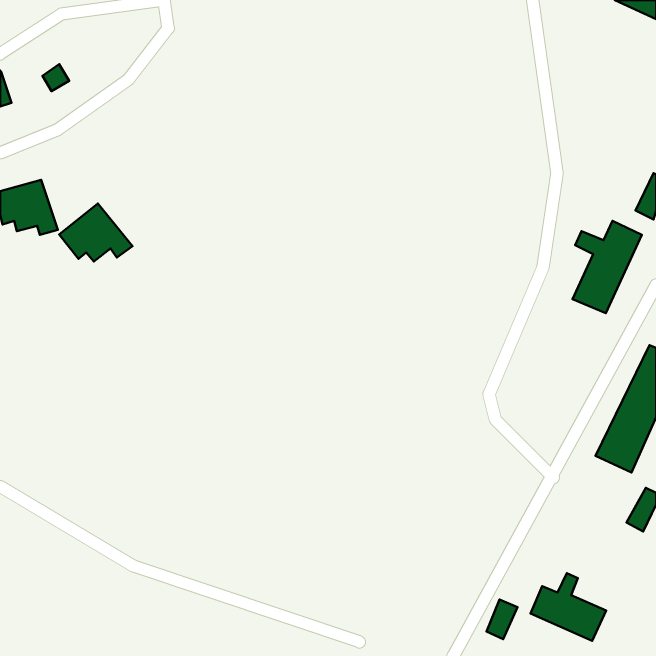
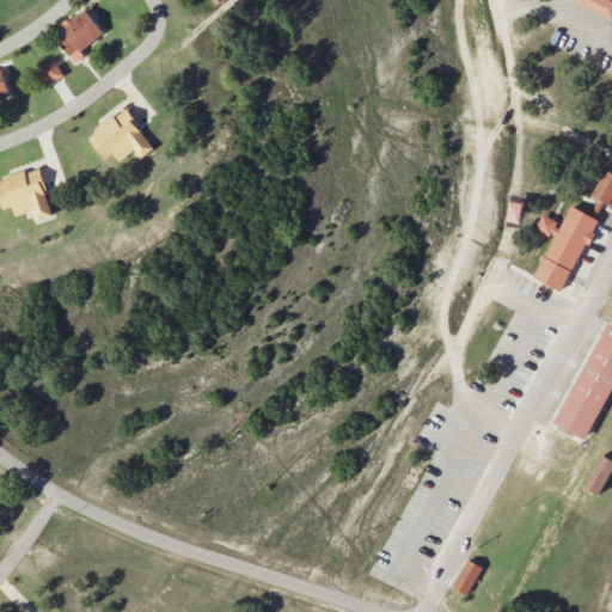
building: none -> [60,8,104,62]
building: [59,204,132,261] -> [87,108,155,161]
building: [531,573,606,641] -> none

